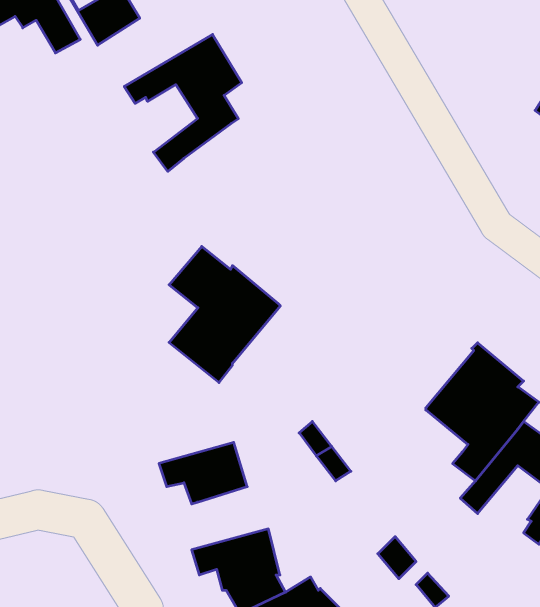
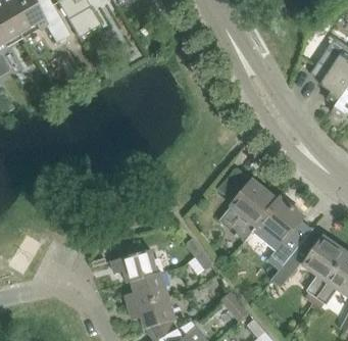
building: [124,34,242,171] -> none
building: [169,246,280,383] -> [219,169,279,242]
building: none -> [126,272,169,307]

